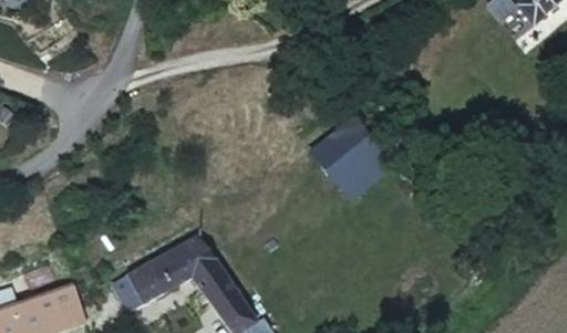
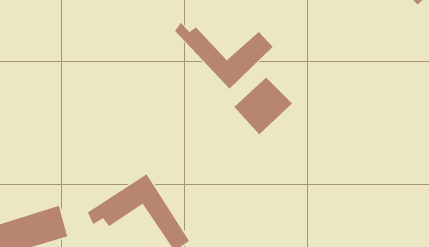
building: none -> [174,22,274,89]

